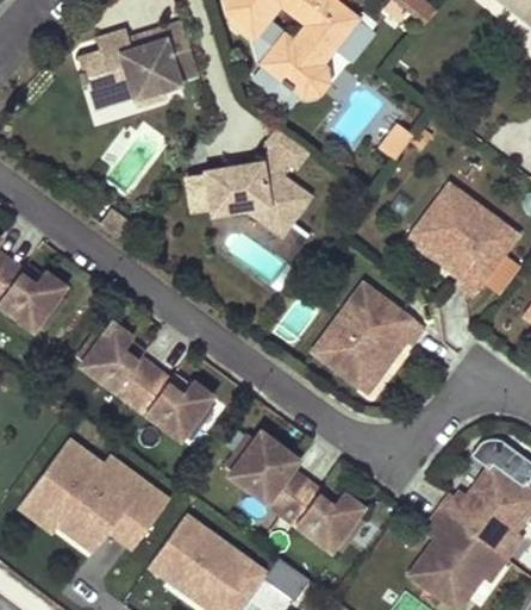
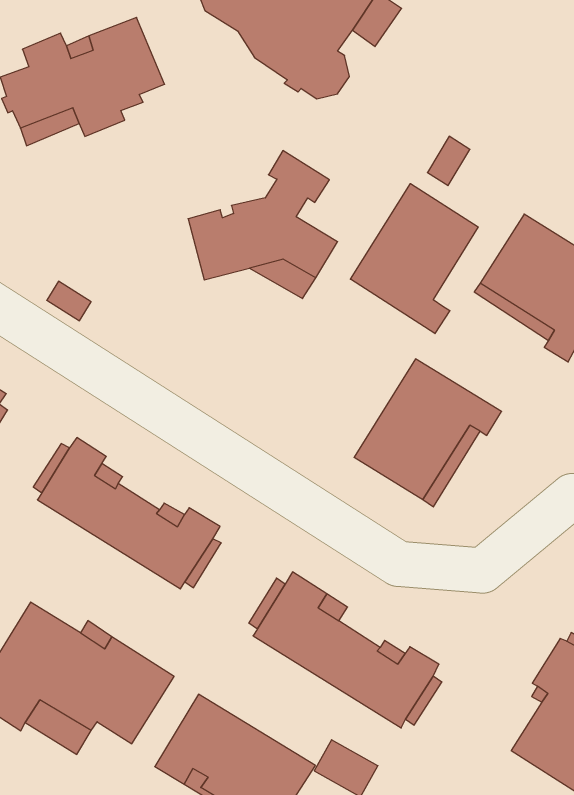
building: none -> [350,184,478,334]

